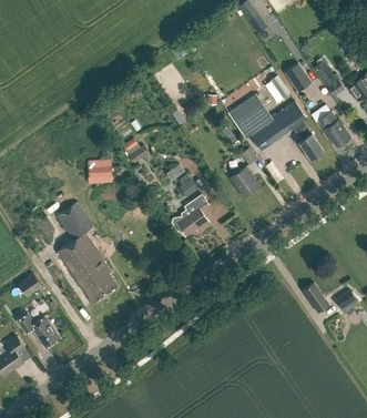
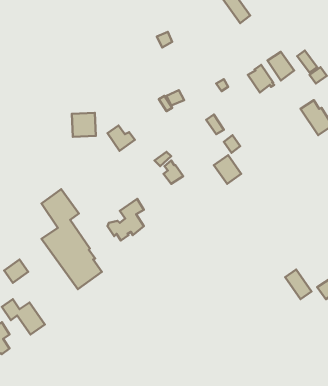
building: [228,93,323,159] -> none
building: [88,160,112,184] -> [72,113,96,137]
building: [172,194,208,236] -> [108,199,144,241]

